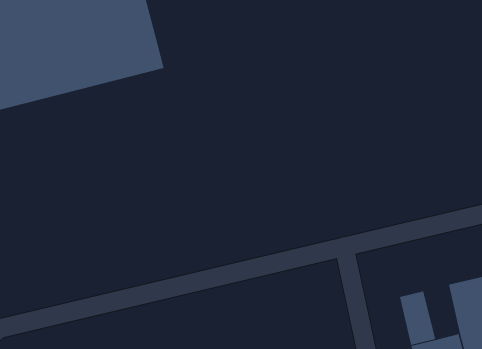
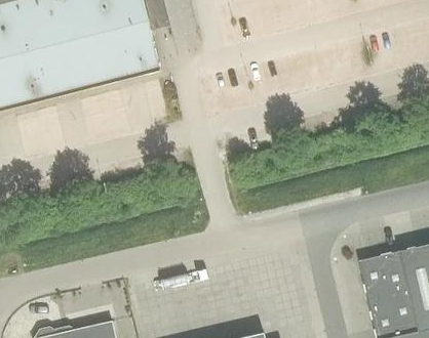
building: none -> [380,251,410,297]

